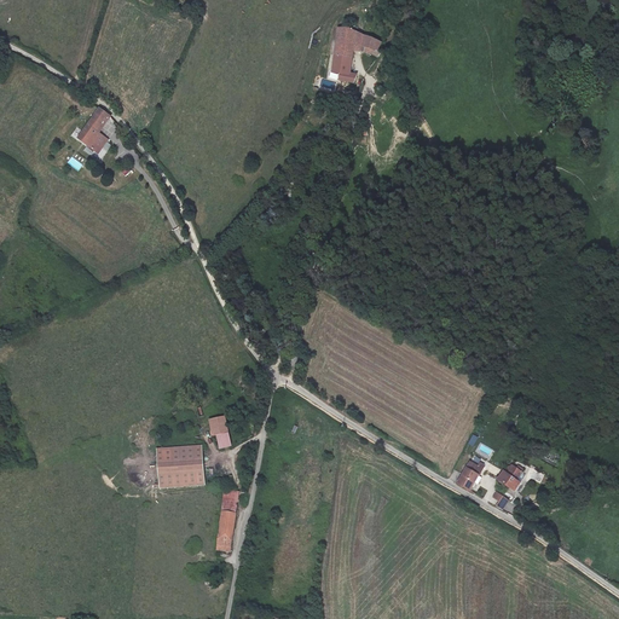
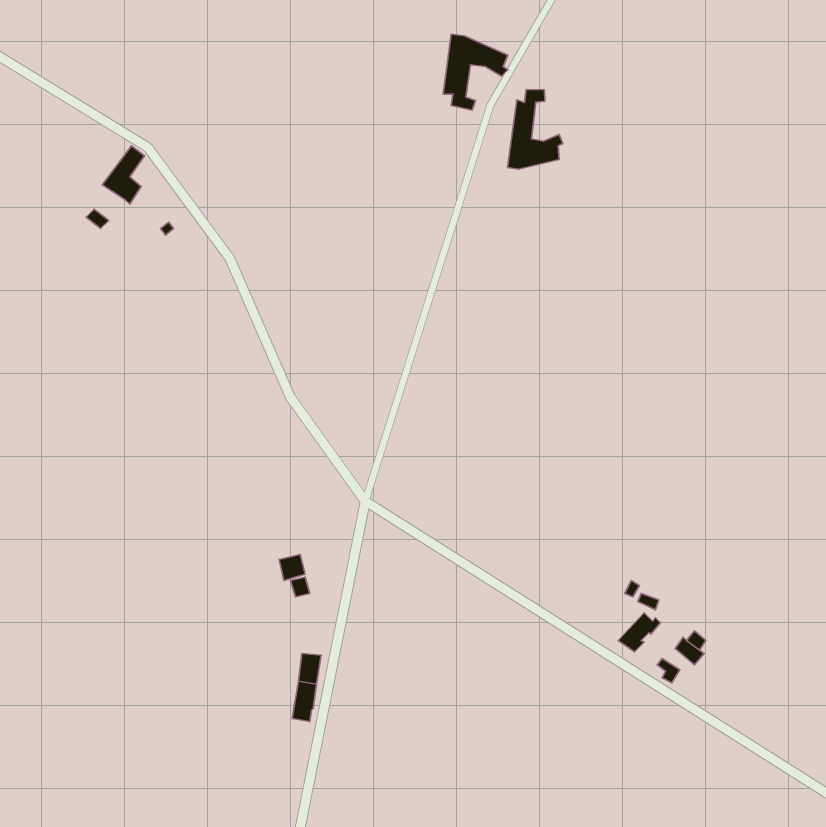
building: none -> [508,90,563,169]
building: [156,442,204,486] -> none

